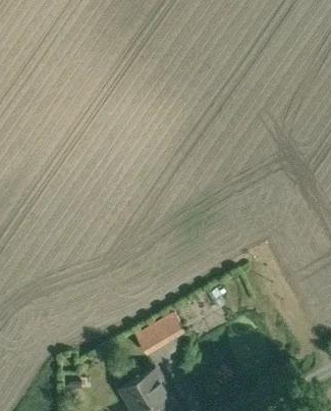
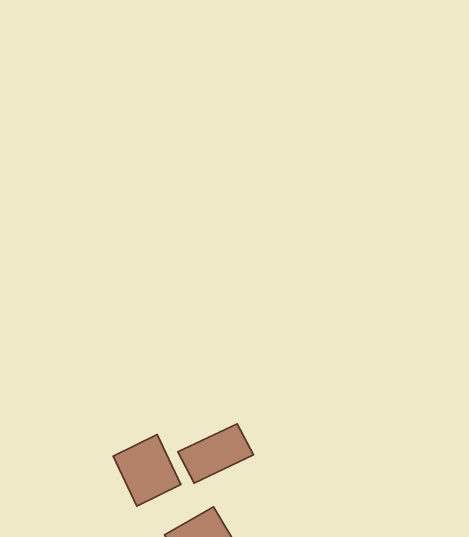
building: none -> [113,435,181,506]

